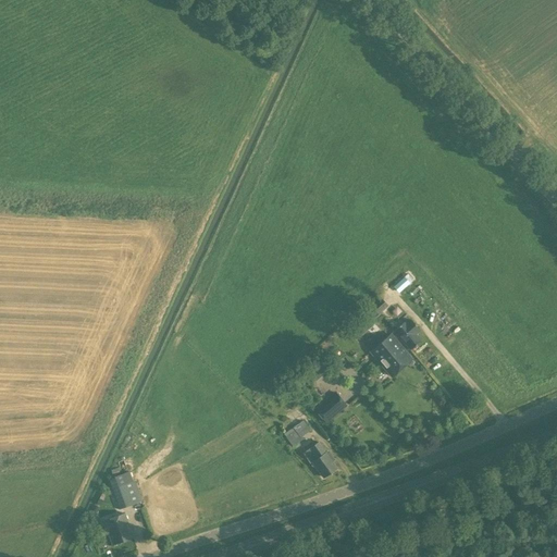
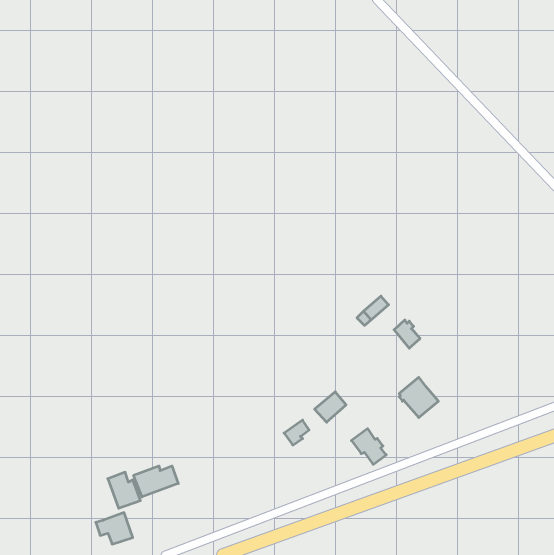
building: [373,334,412,374] -> [399,377,438,418]
building: [304,441,338,476] -> [351,429,386,464]
building: none -> [134,466,178,497]

